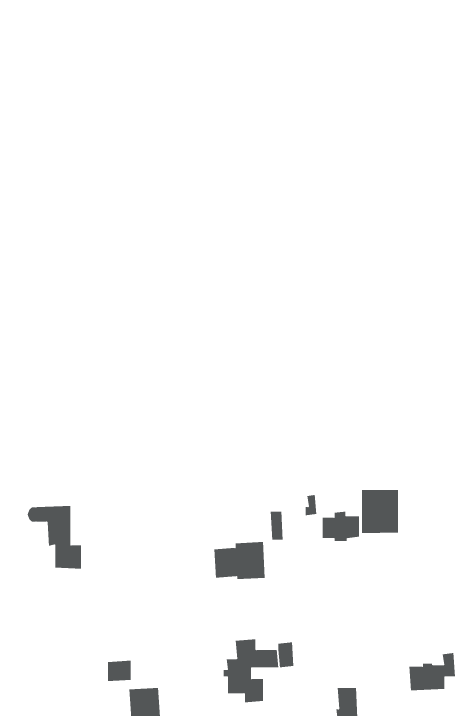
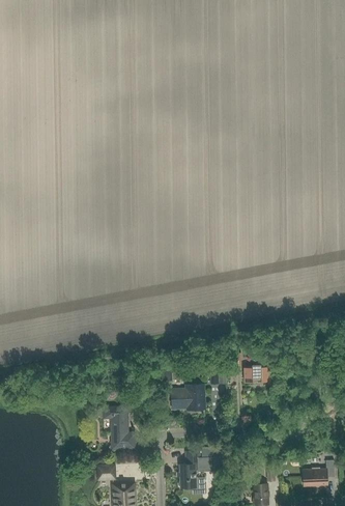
building: [361,489,399,534] -> none
building: [27,505,82,569] -> [96,406,134,450]

